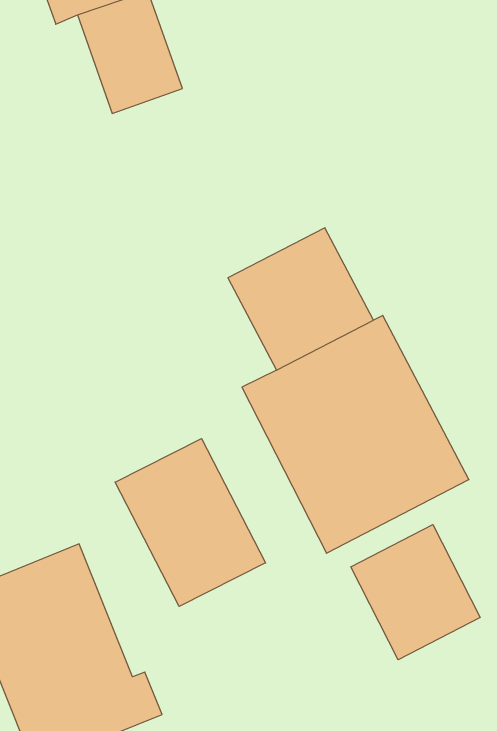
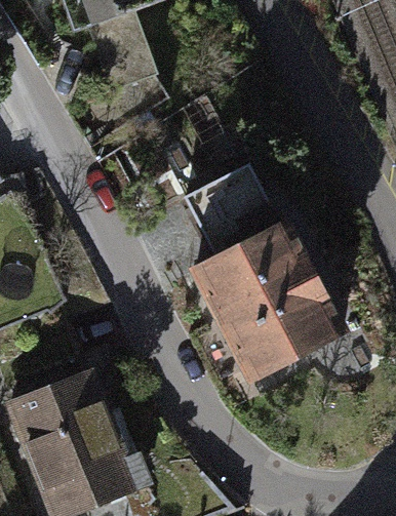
building: [115,439,266,606] -> none
building: [351,525,480,660] -> none

